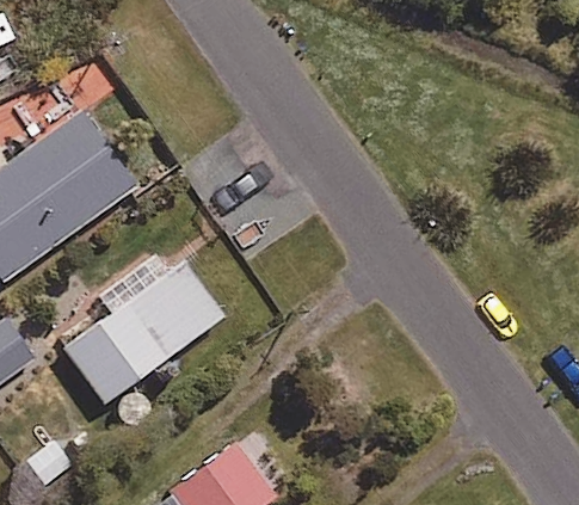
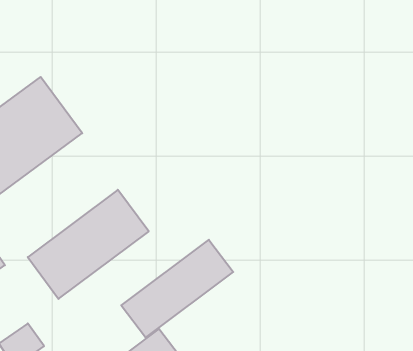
building: none -> [121,240,233,337]

